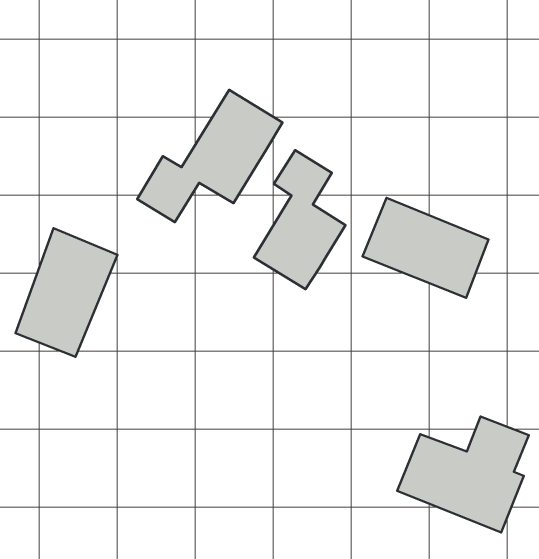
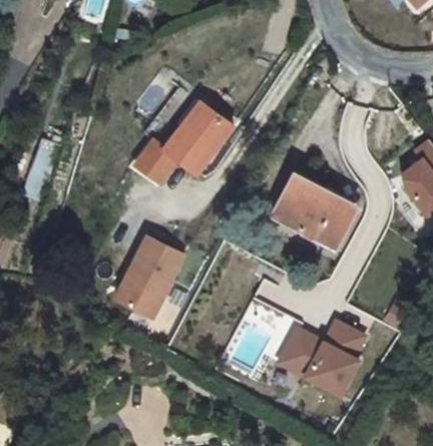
building: [254,150,346,289] -> none
building: [15,228,117,357] -> [114,234,183,316]

